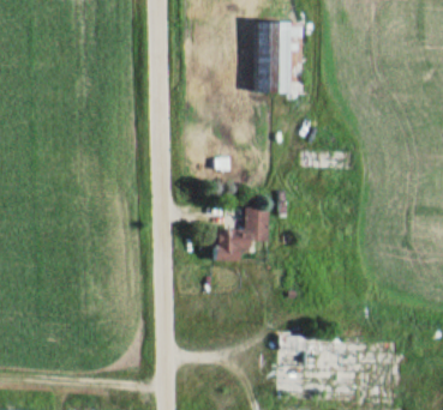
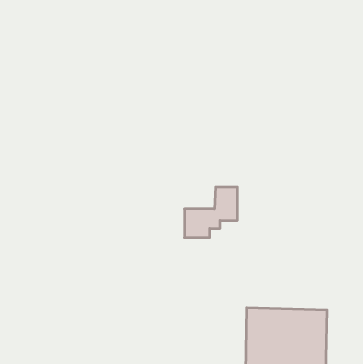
building: [256,22,303,94] -> none

